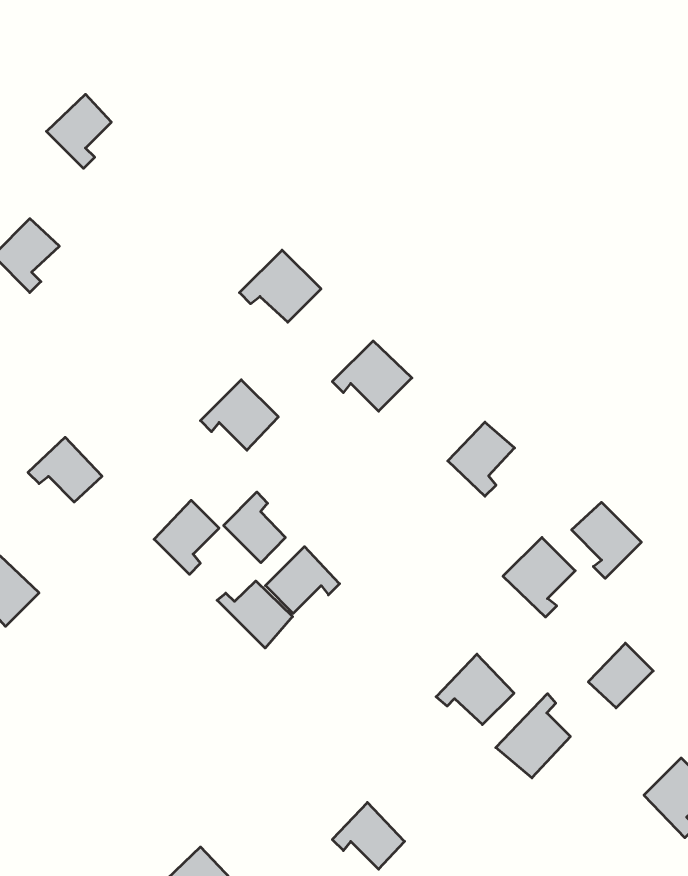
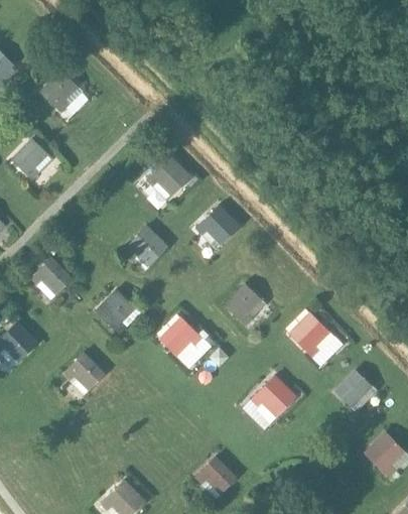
building: [448,422,515,496] -> [225,284,261,325]
building: [224,492,285,563] -> none
building: [572,502,641,578] -> none
building: [217,581,293,648] -> none
building: none -> [63,353,104,389]
building: [496,694,570,778] -> none

